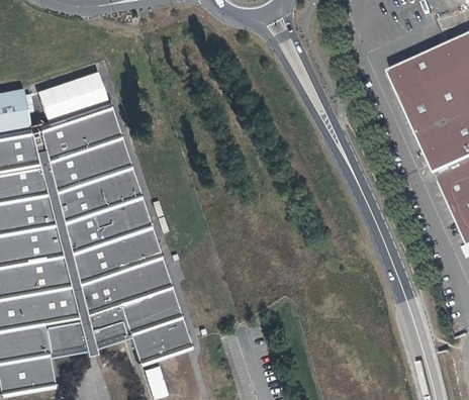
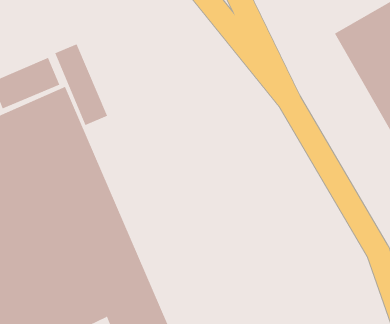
building: none -> [54,43,108,126]

